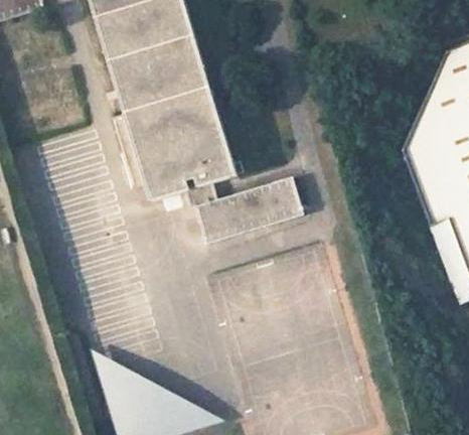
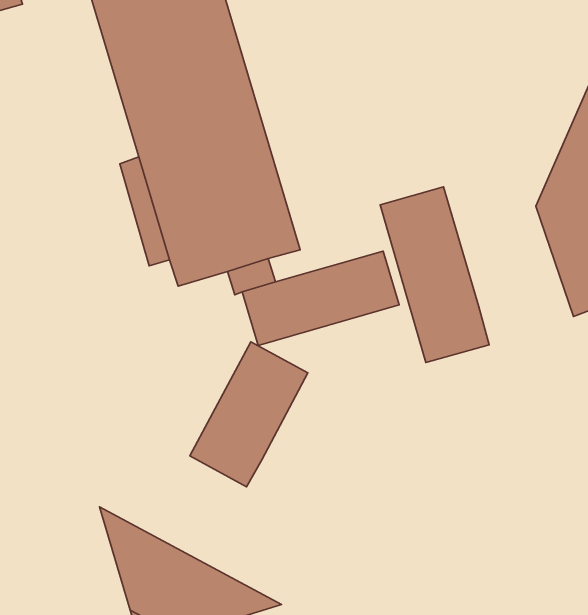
building: none -> [380,187,489,362]
building: none -> [190,342,308,487]

